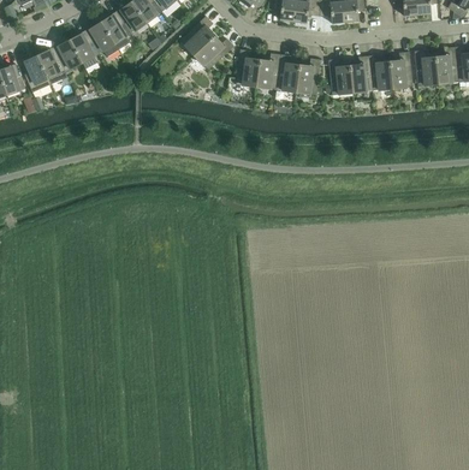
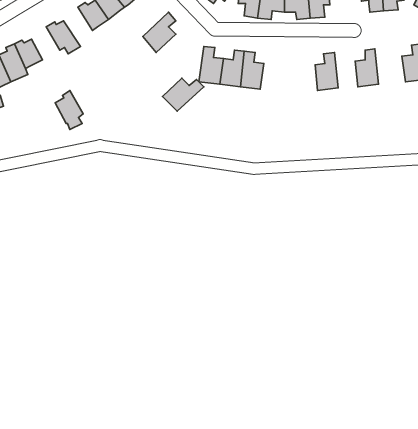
building: [101,11,130,49] -> none
building: [70,30,97,69] -> [55,91,83,130]
building: [192,37,233,70] -> [162,78,204,111]
building: [412,49,438,87] -> none
building: [368,54,391,90] -> none
building: [295,58,320,95] -> none
building: [327,59,351,95] -> none

